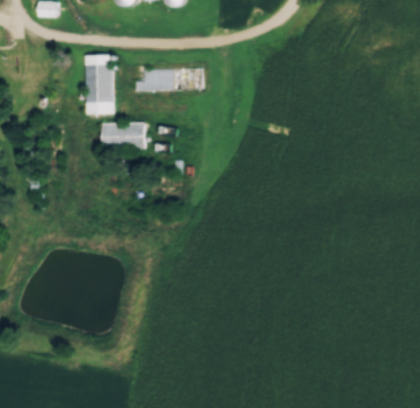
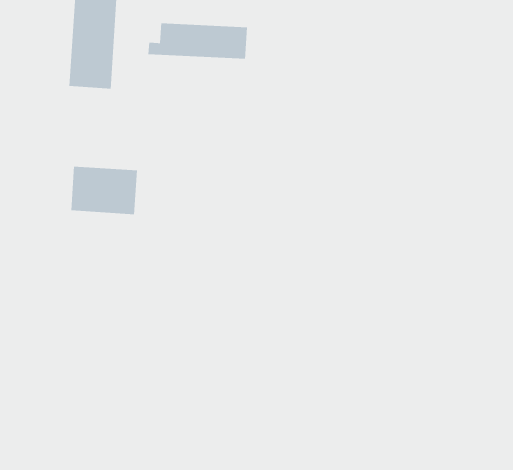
building: [100,123,143,152] -> [70,166,138,215]

